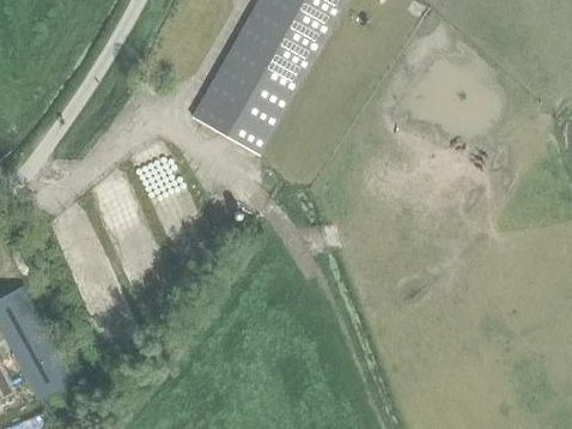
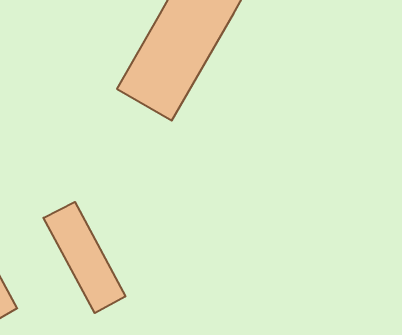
building: none -> [43,202,125,313]

